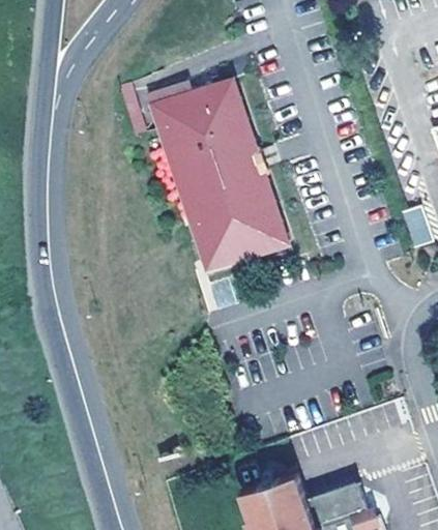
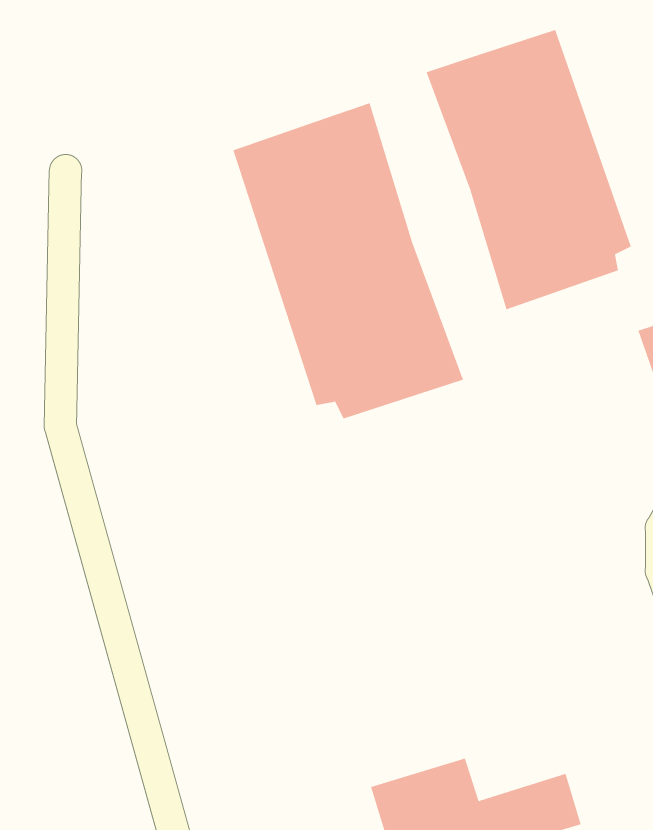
building: none -> [426,29,632,310]

